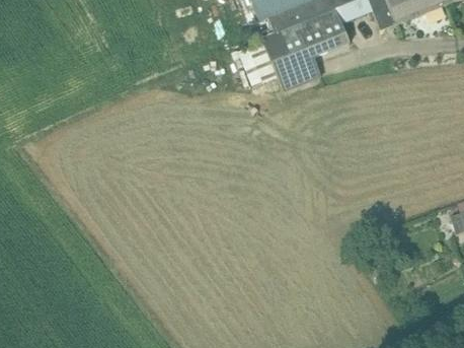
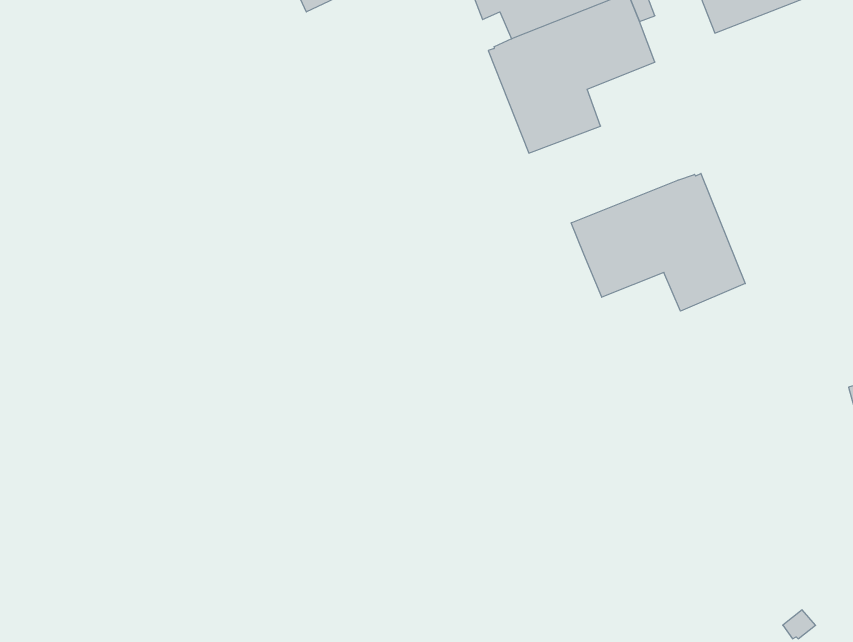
building: none -> [571,173,745,311]

